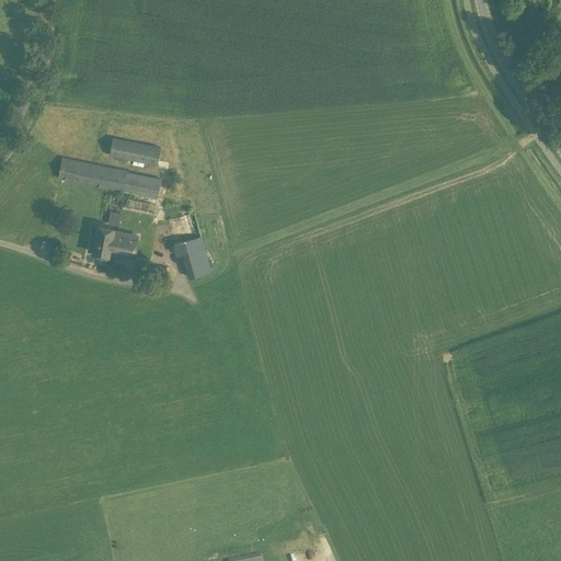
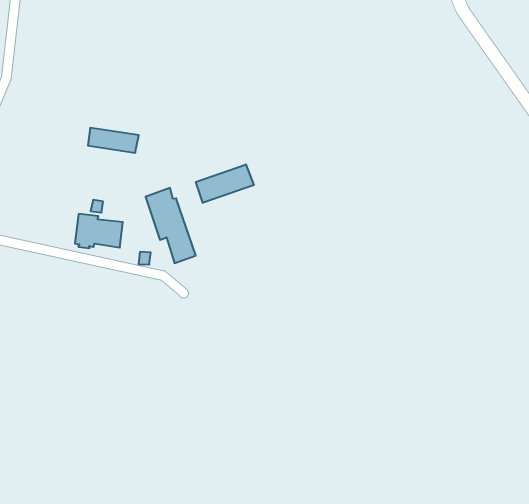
building: [57,158,160,198] -> none
building: none -> [196,164,254,203]

